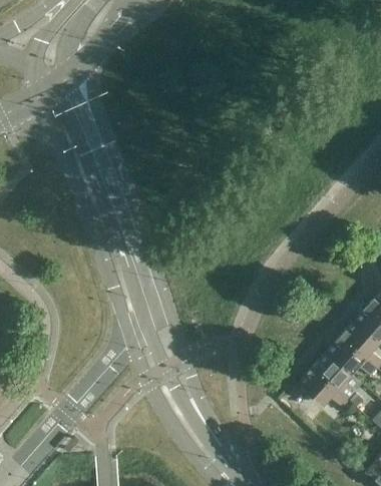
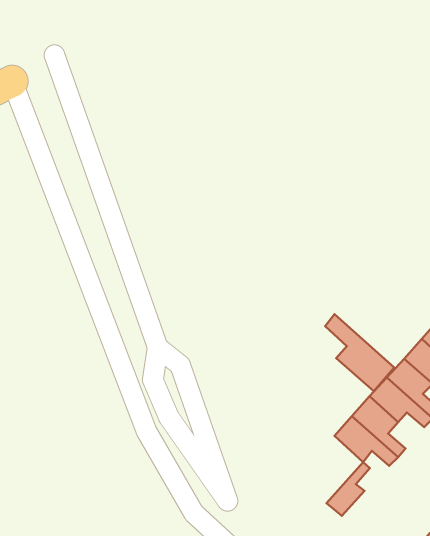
building: none -> [325,314,394,391]
building: none -> [327,462,370,516]

